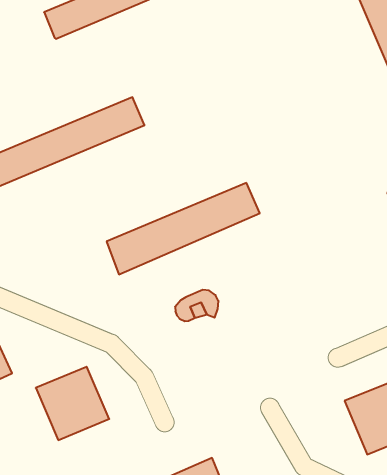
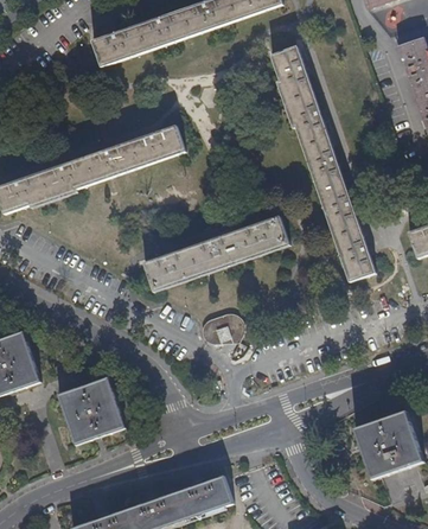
building: none -> [272,50,376,283]

